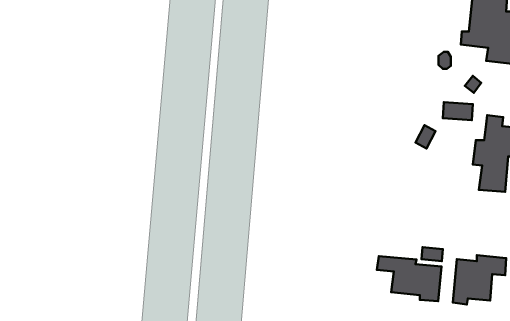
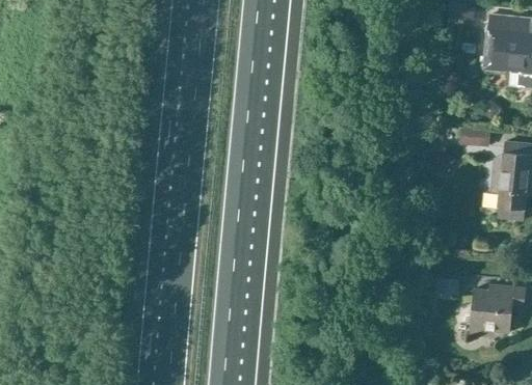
building: [377,256,441,301] -> none

